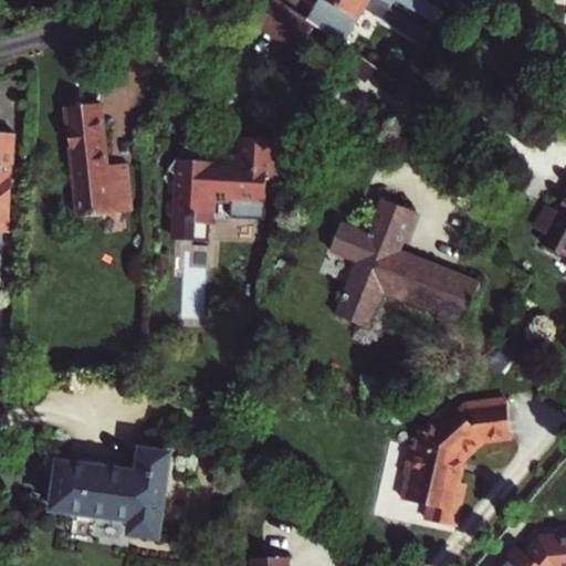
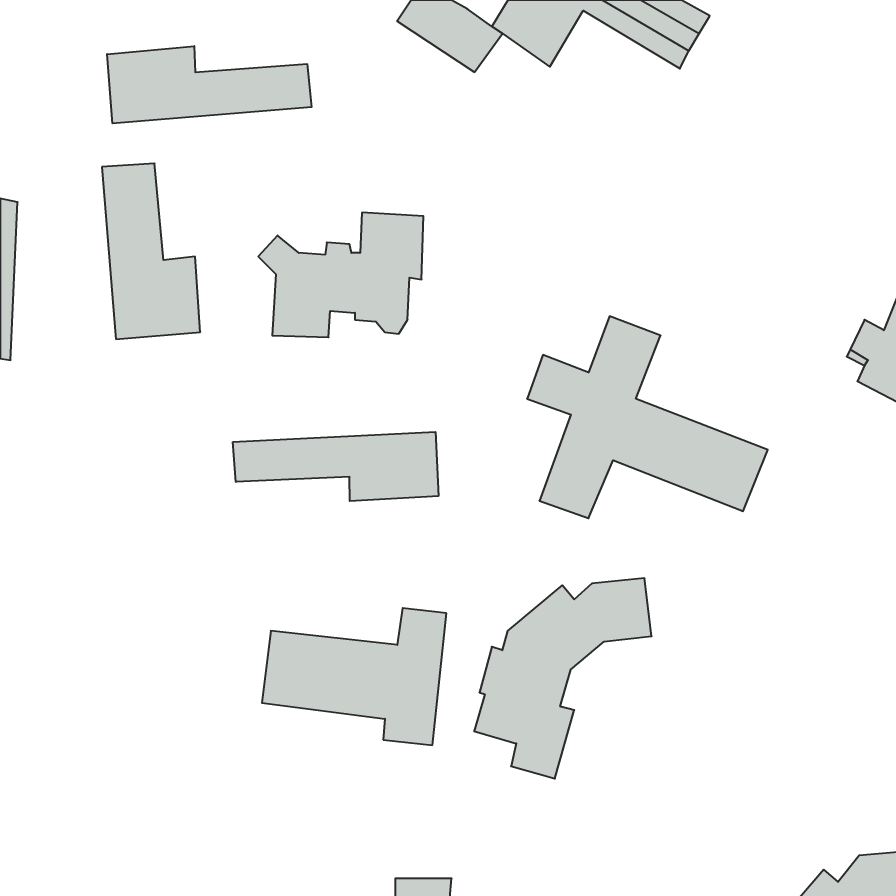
building: none -> [107,46,312,123]
building: none -> [233,432,438,501]
building: [398,398,510,524] -> [474,578,652,779]
building: [54,450,170,536] -> [262,608,446,745]

